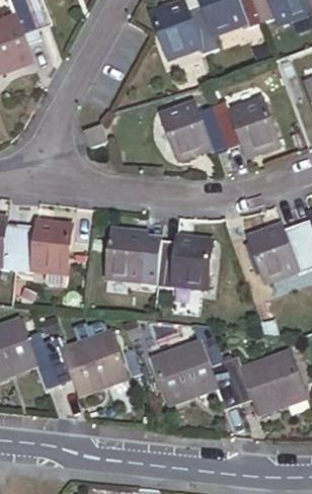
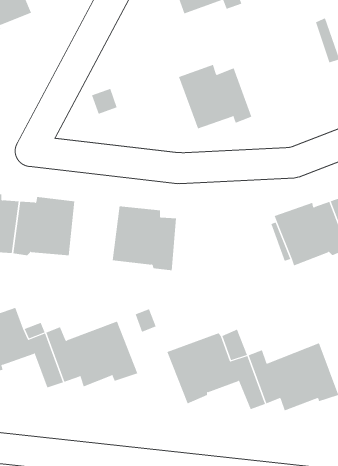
building: [212,99,280,156] -> none
building: [157,235,213,289] -> none

